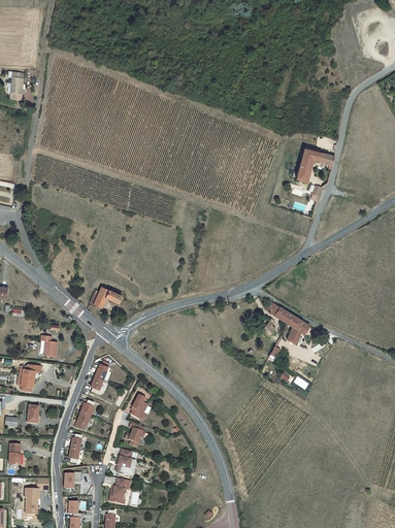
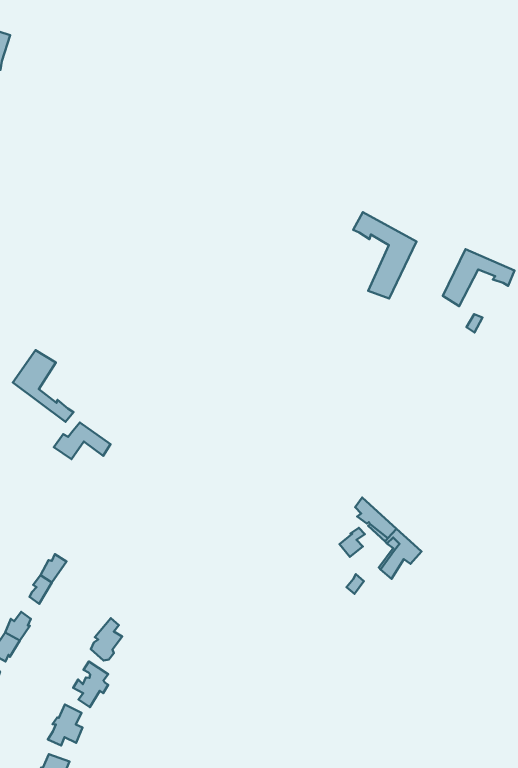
building: none -> [353,212,417,298]
building: none -> [13,350,74,422]

